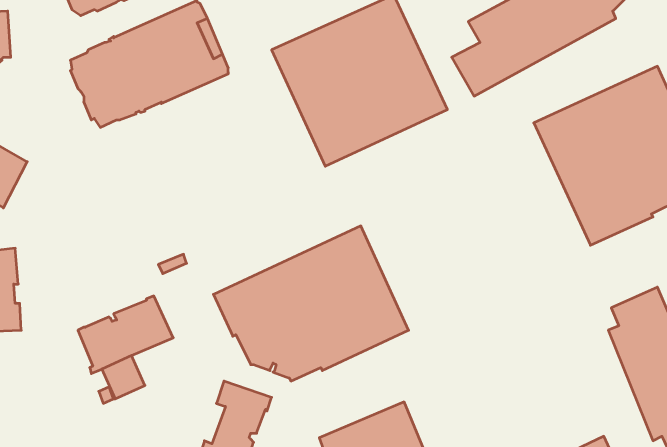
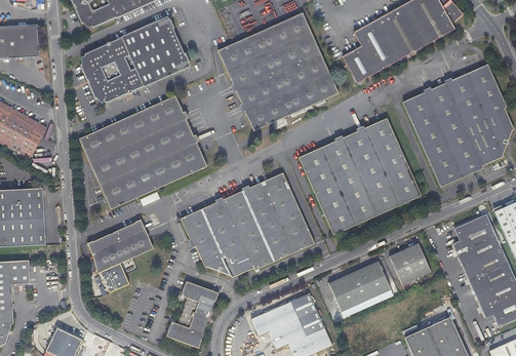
building: none -> [79,95,206,208]
building: none -> [295,117,419,234]
building: none -> [388,243,429,283]
building: none -> [327,261,389,311]

